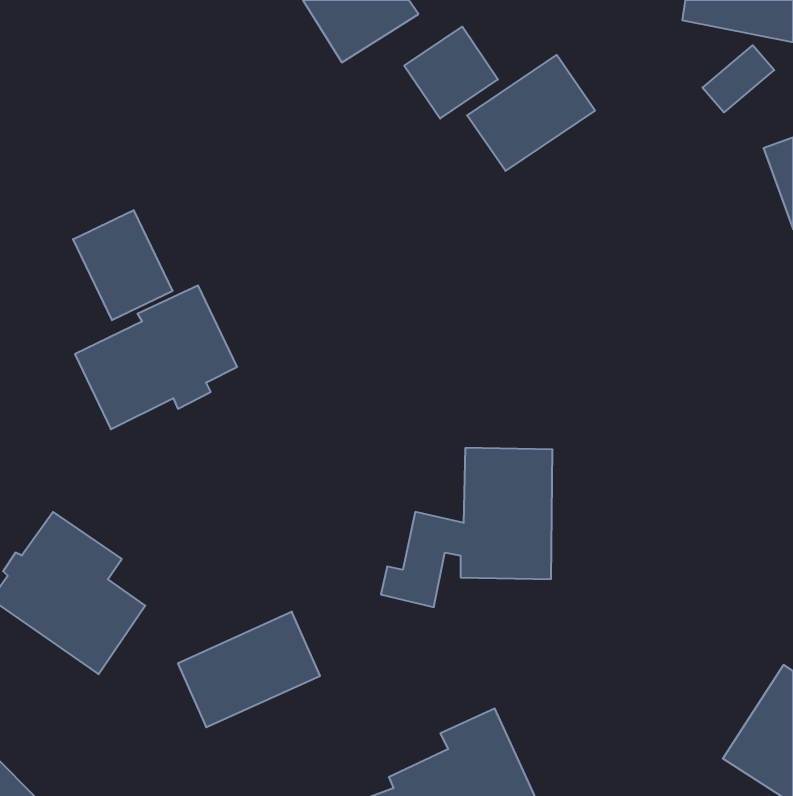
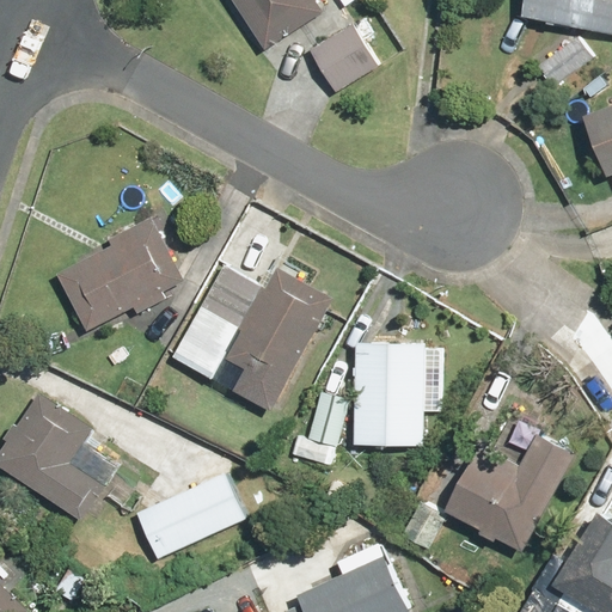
building: [467,55,595,171] -> none
building: [73,210,173,320] -> none
building: none -> [172,268,330,409]
building: none -> [443,434,577,555]

